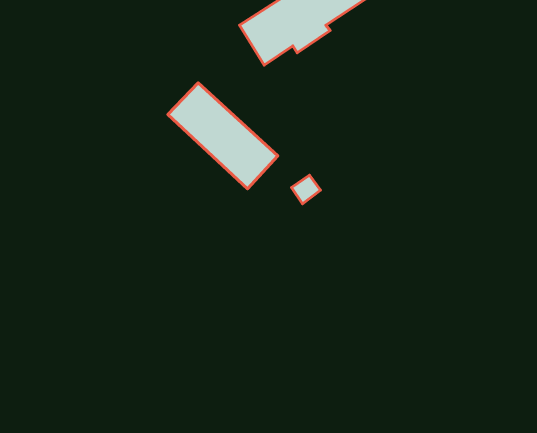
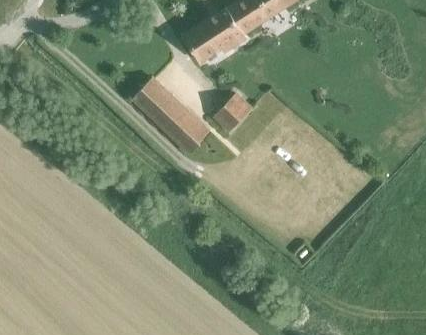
building: none -> [213,92,252,131]

